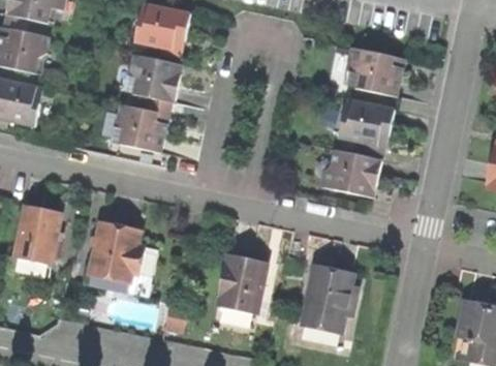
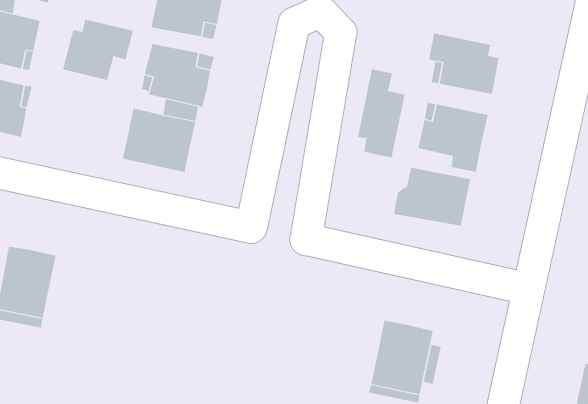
building: none -> [63,19,133,81]
building: none -> [357,68,405,158]
building: [86,222,155,297] -> none
building: [216,254,266,314] -> none

